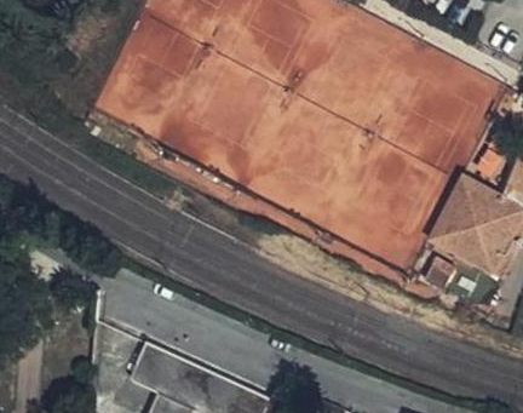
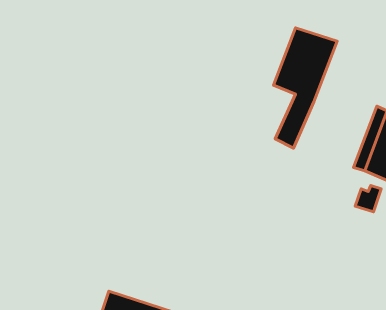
building: none -> [273,28,337,148]

